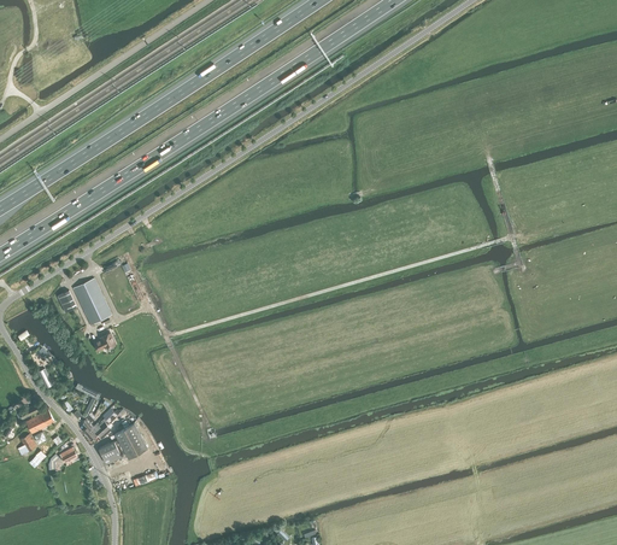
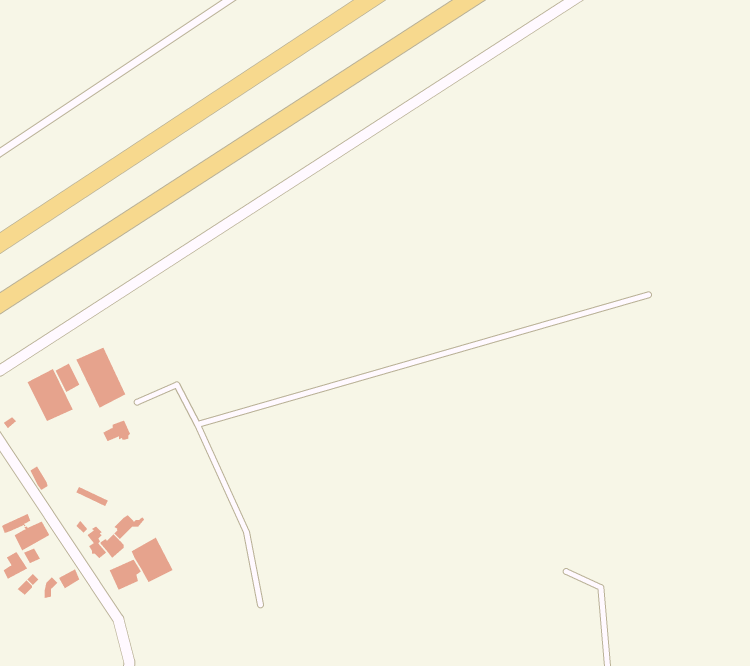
building: none -> [27,368,74,422]

